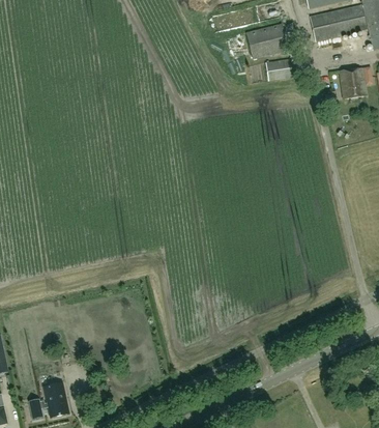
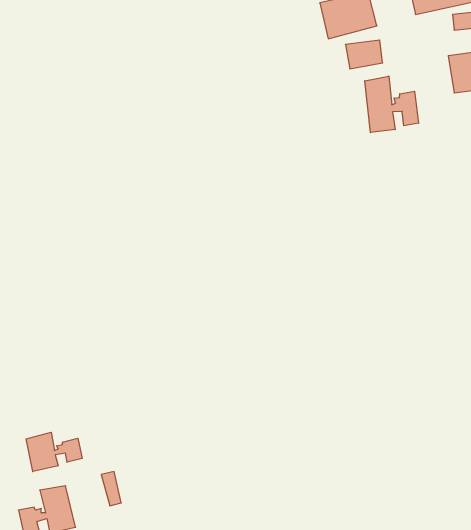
building: none -> [365,76,419,133]
building: none -> [26,432,82,472]

